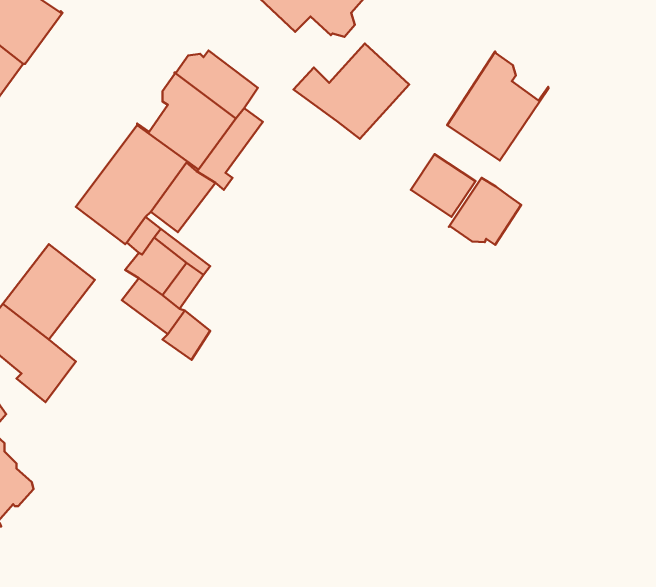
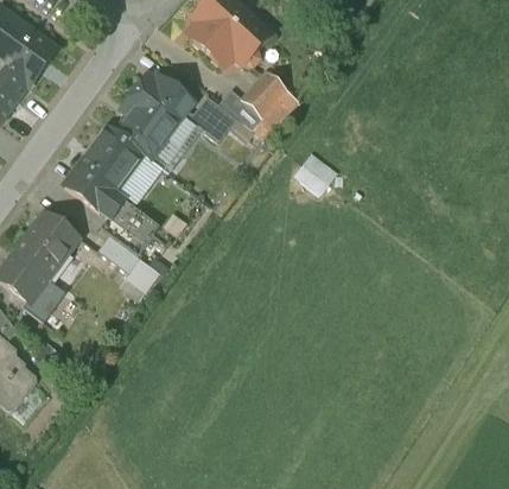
building: [447,51,549,160] -> none
building: none -> [182,95,247,141]
building: [449,178,521,245] -> none

